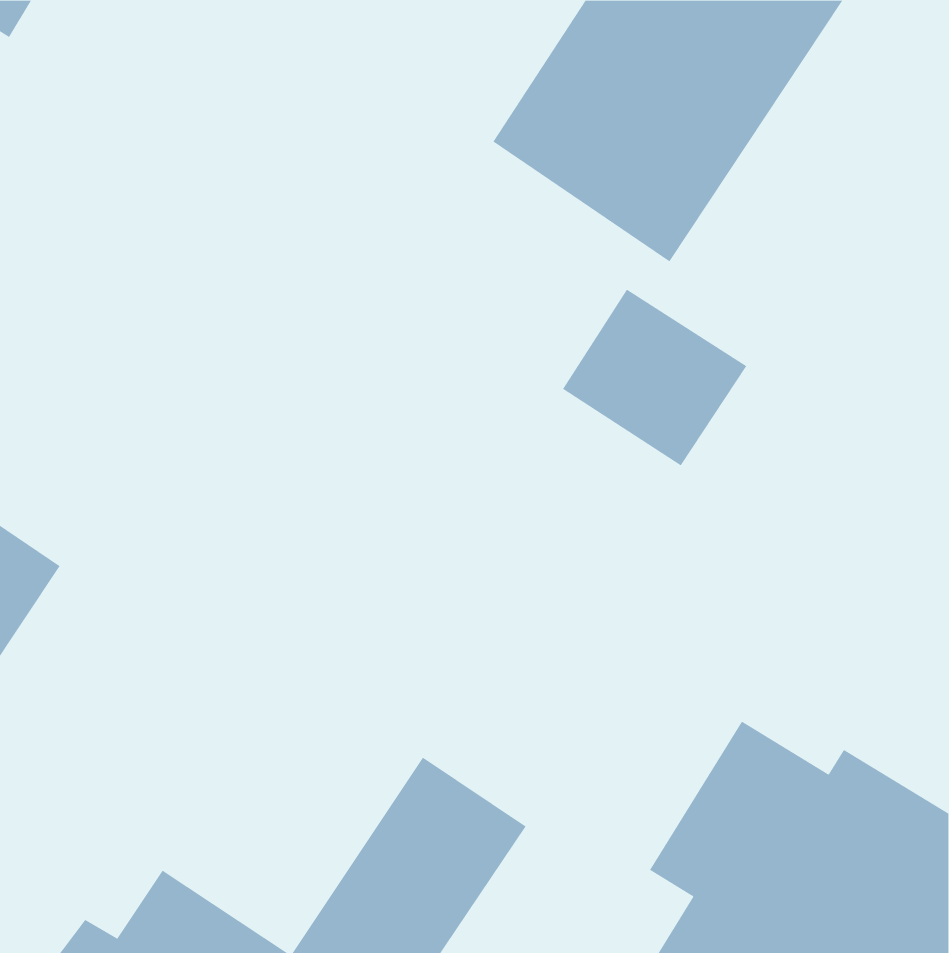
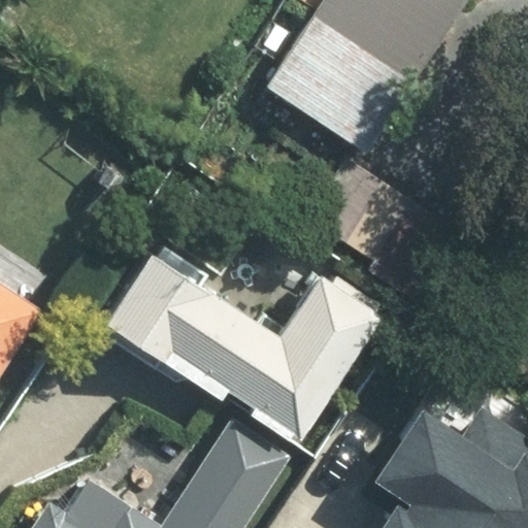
building: none -> [111,254,382,435]

